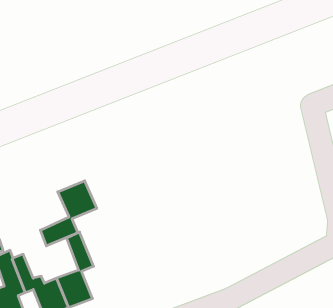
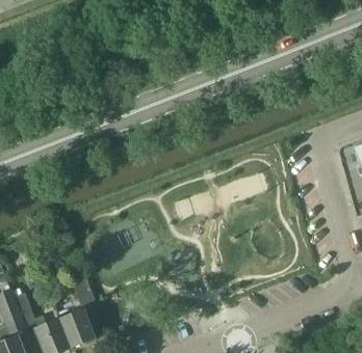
building: [40,181,97,246] -> none

